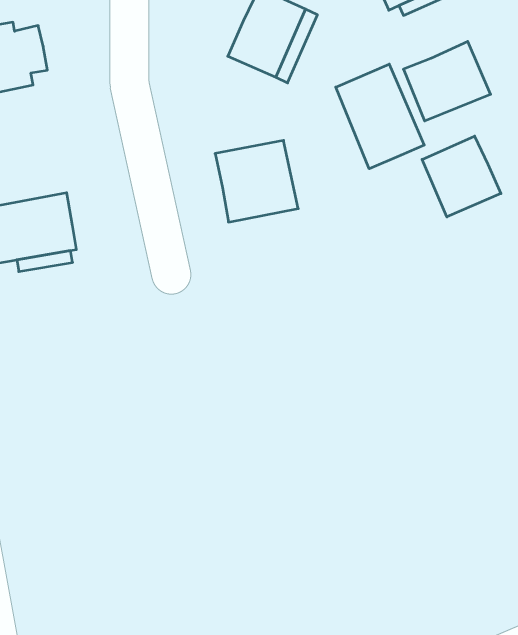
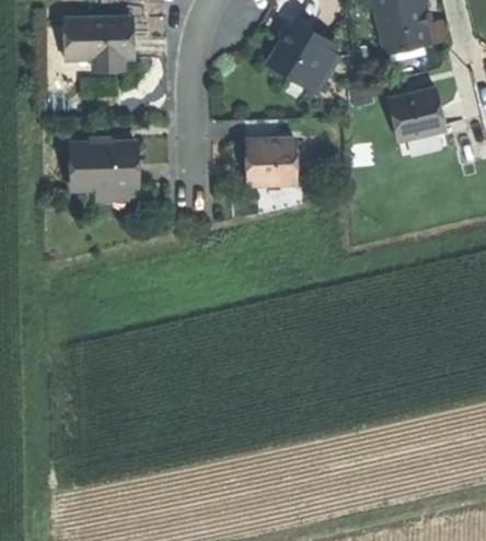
building: [336,64,424,169] -> none
building: [422,136,501,217] -> none

